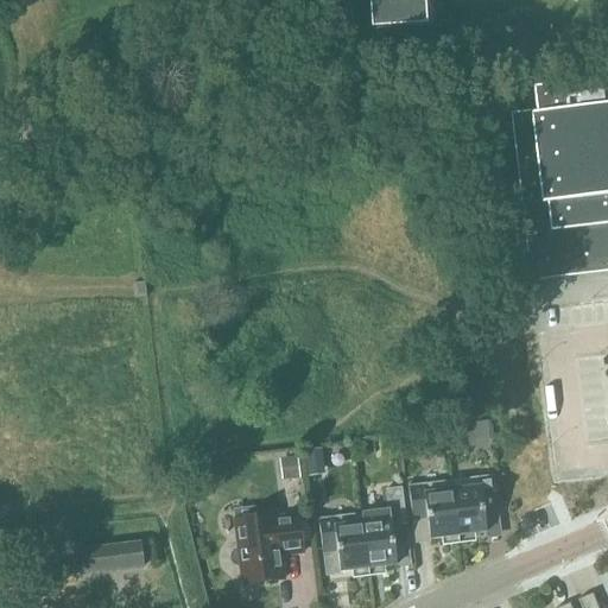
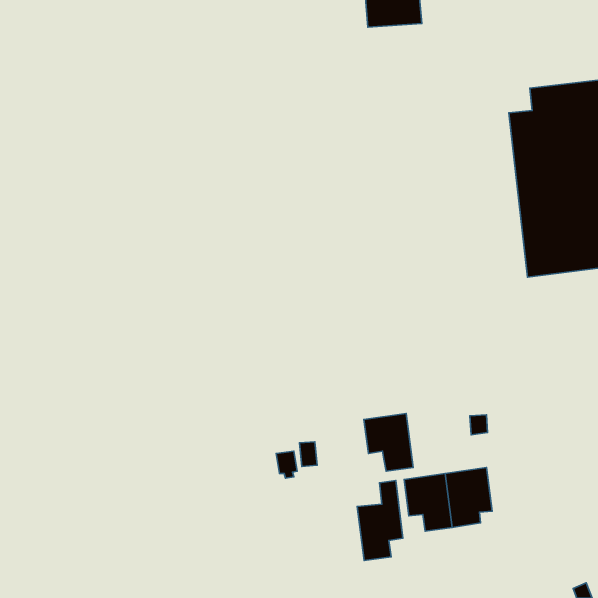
building: [233,512,306,582] -> none
building: [321,512,370,570] -> [364,414,413,471]
building: [76,543,145,574] -> none

